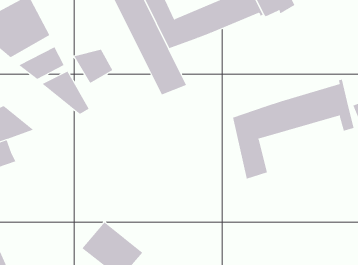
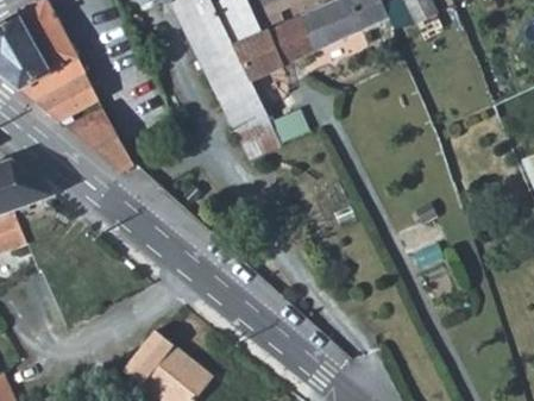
building: [73,49,113,84] -> none
building: [233,79,354,179] -> none

